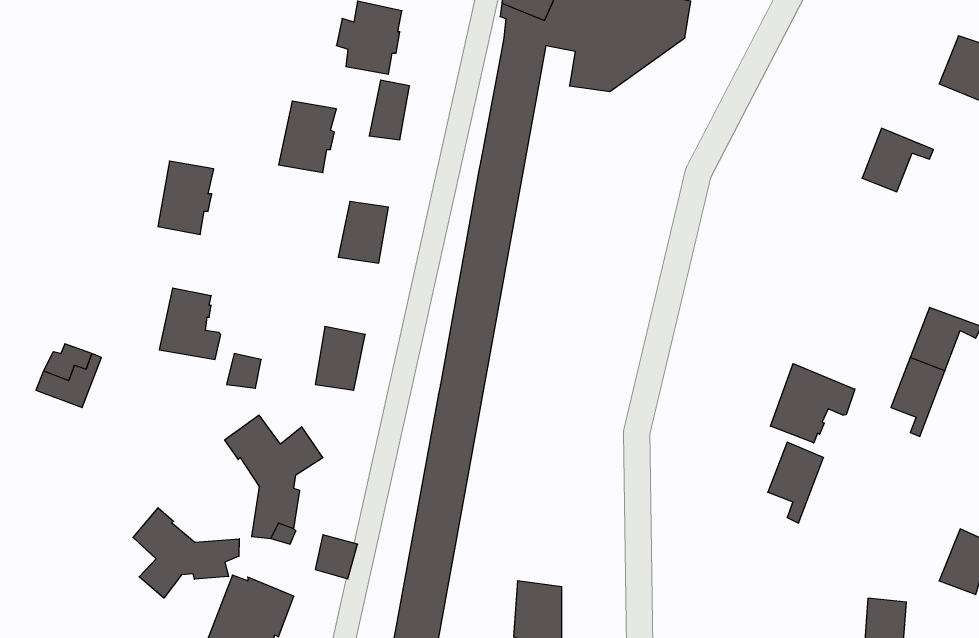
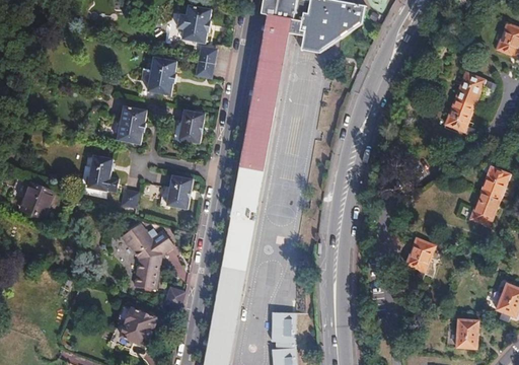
building: [158,161,214,234] -> [118,105,147,144]
building: none -> [443,98,473,135]
building: [770,364,855,443] -> none
building: [133,508,239,598] -> none

